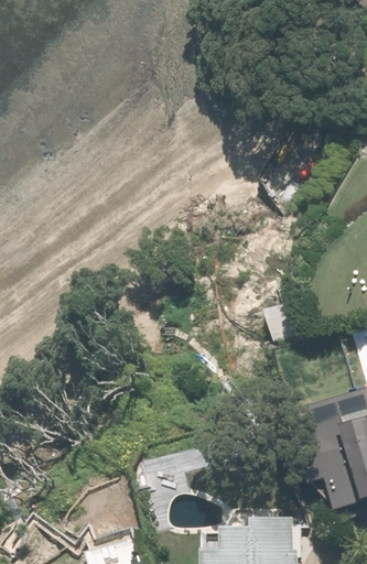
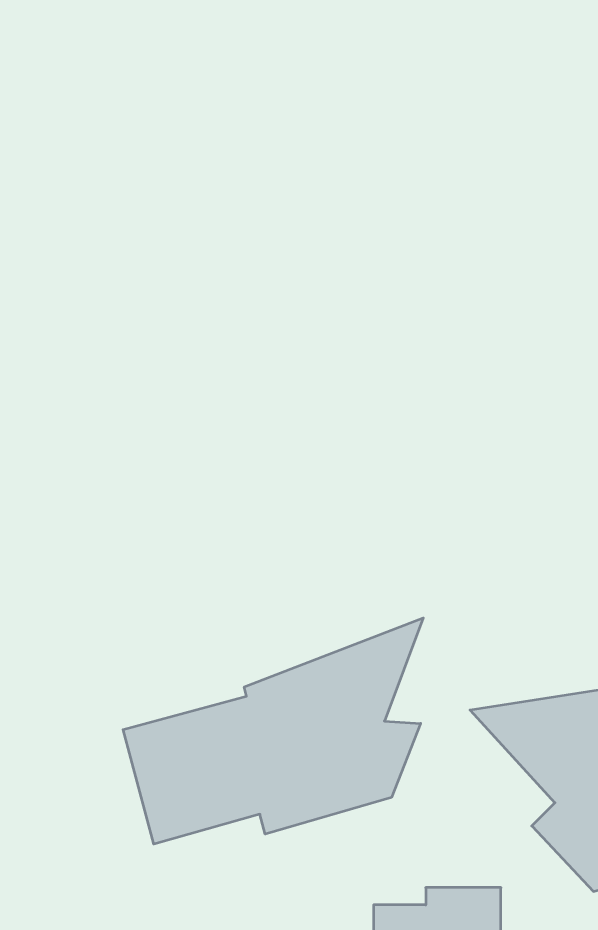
building: none -> [123,618,423,844]

